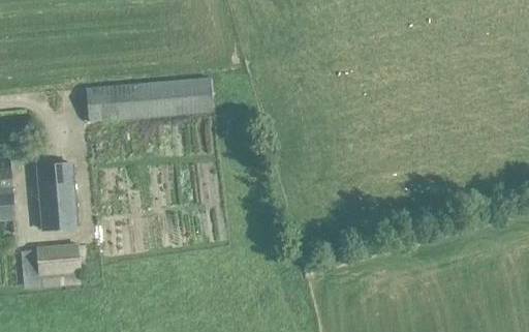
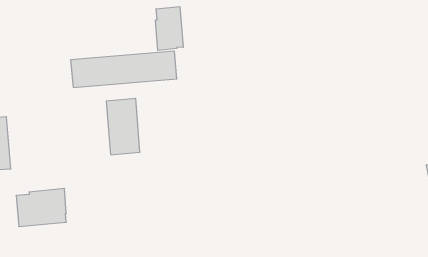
building: none -> [155,7,183,50]
building: [36,162,76,230] -> [106,98,140,155]

